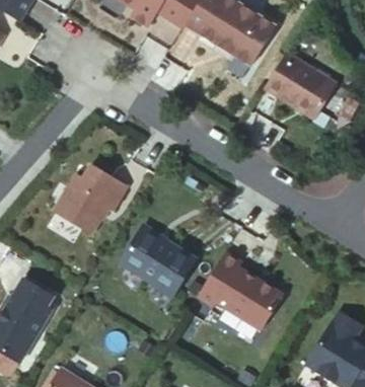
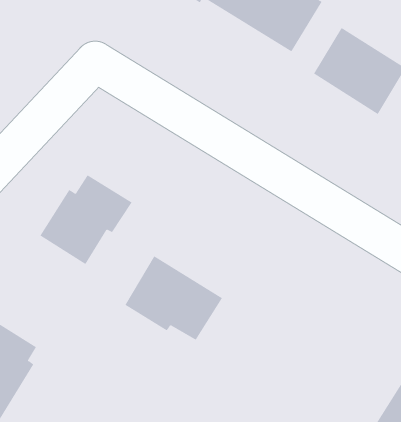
building: [198,252,283,329] -> none

